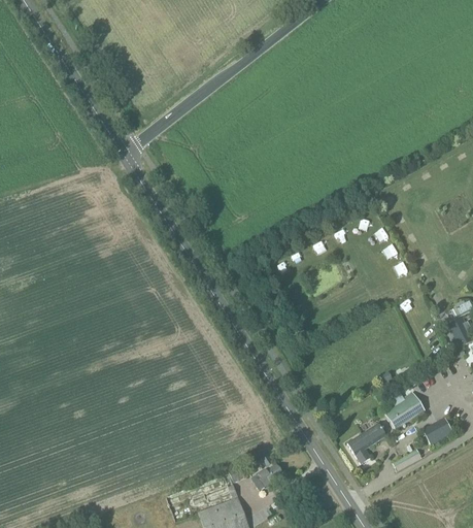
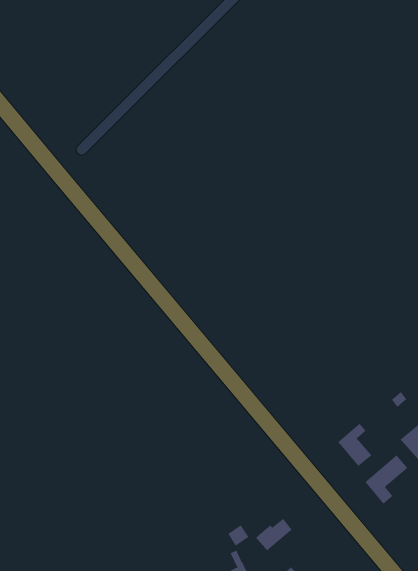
building: none -> [337,423,372,467]

